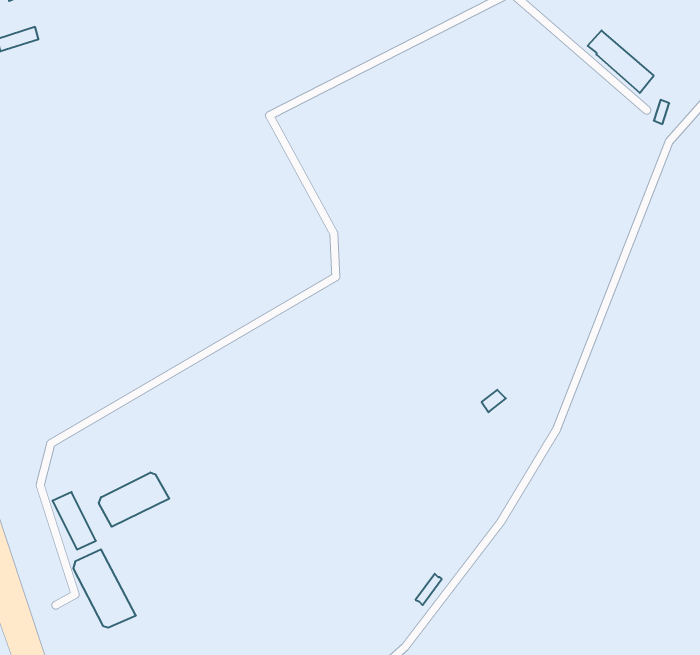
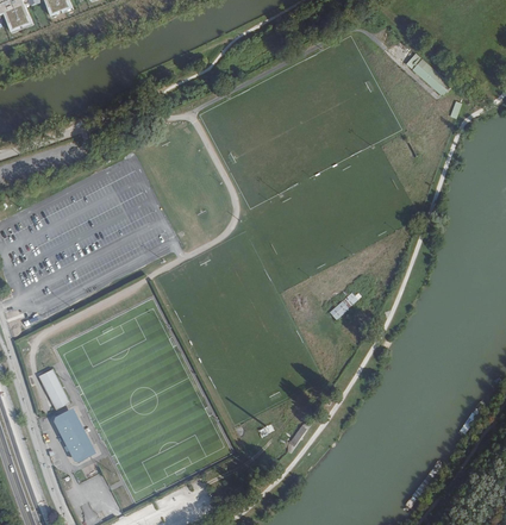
building: [99,472,169,527] -> none

